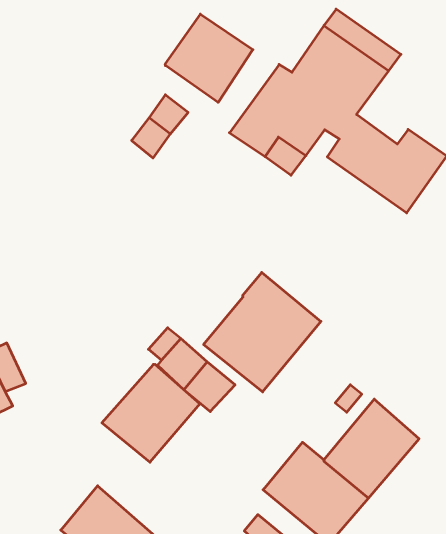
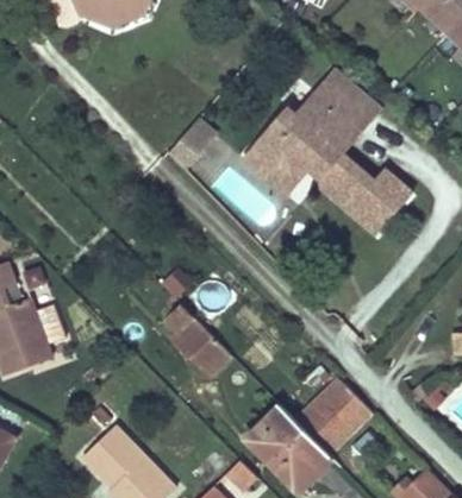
building: [165,14,253,102] -> none
building: [204,272,321,392] -> none
building: [102,364,200,462] -> none

